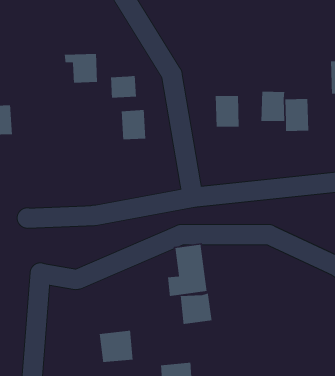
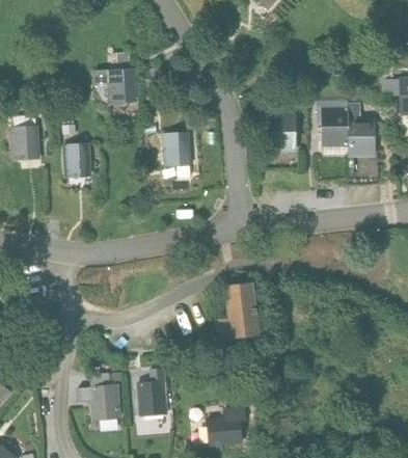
building: [110,75,137,99] -> none
building: none -> [61,141,90,177]
building: [180,293,213,325] -> none
building: none -> [89,384,121,422]

